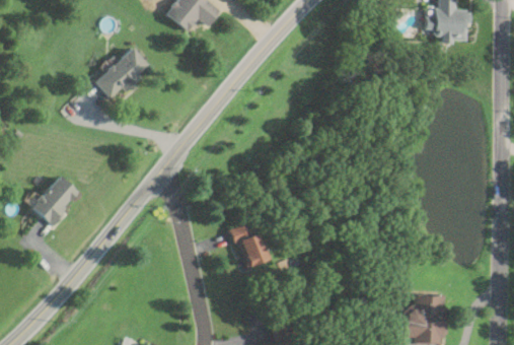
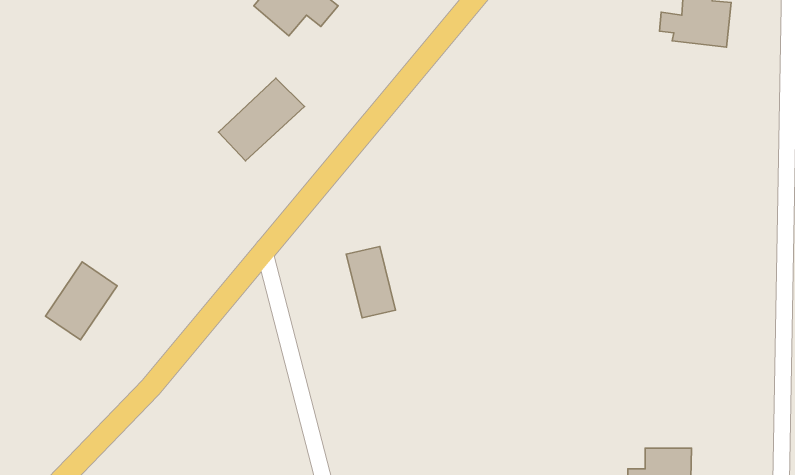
building: [93,48,148,100] -> [218,78,304,161]
building: [232,221,264,267] -> [346,246,396,318]

